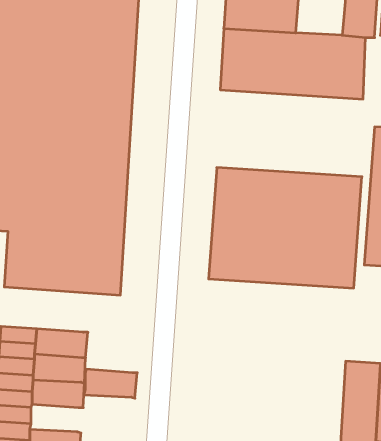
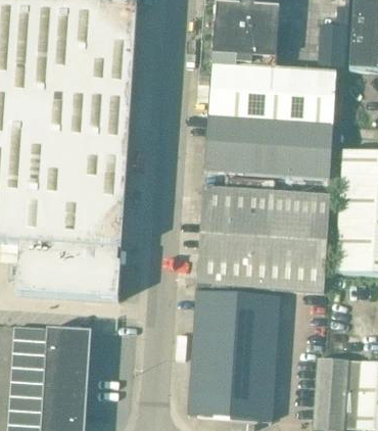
building: none -> [204,116,333,176]
building: none -> [190,289,280,419]
building: [84,369,137,398] -> [40,393,87,419]

